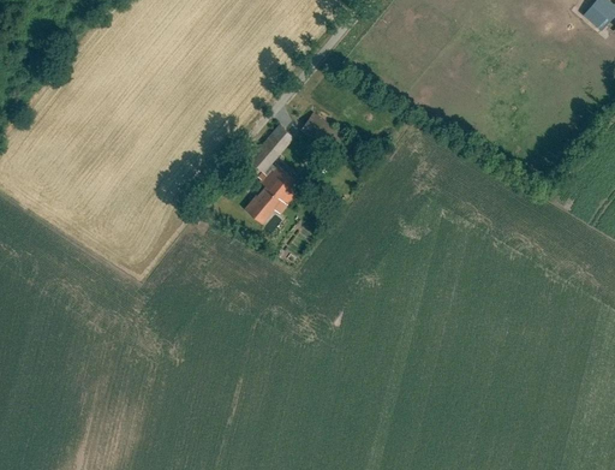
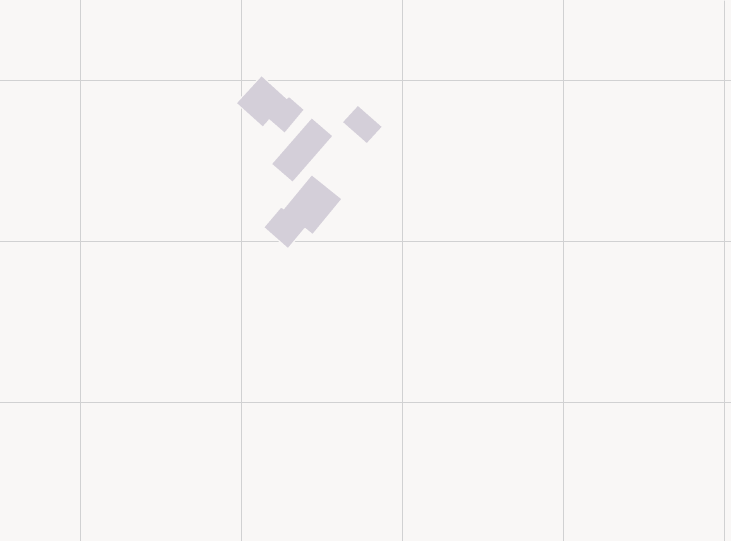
building: none -> [236,75,305,133]

